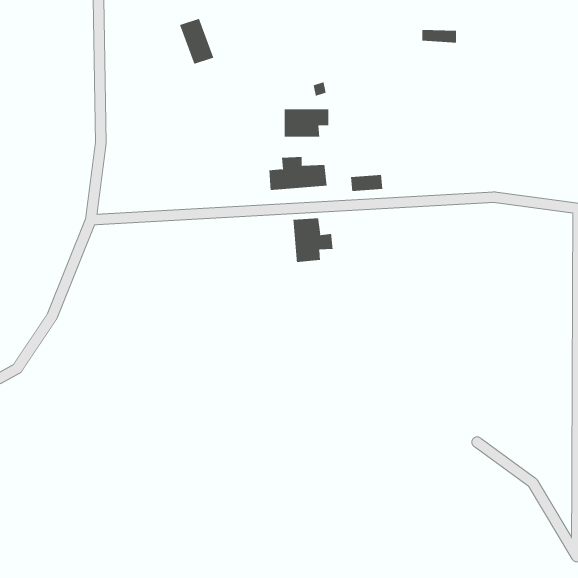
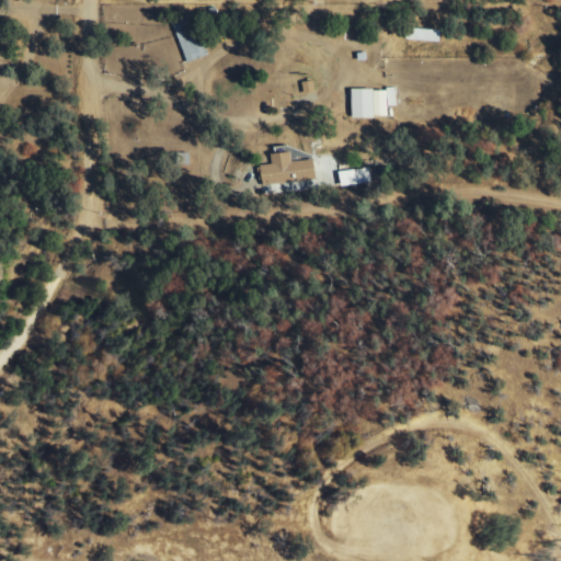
building: [284,109,329,137] -> [352,89,396,116]
building: [293,218,333,263] -> none

